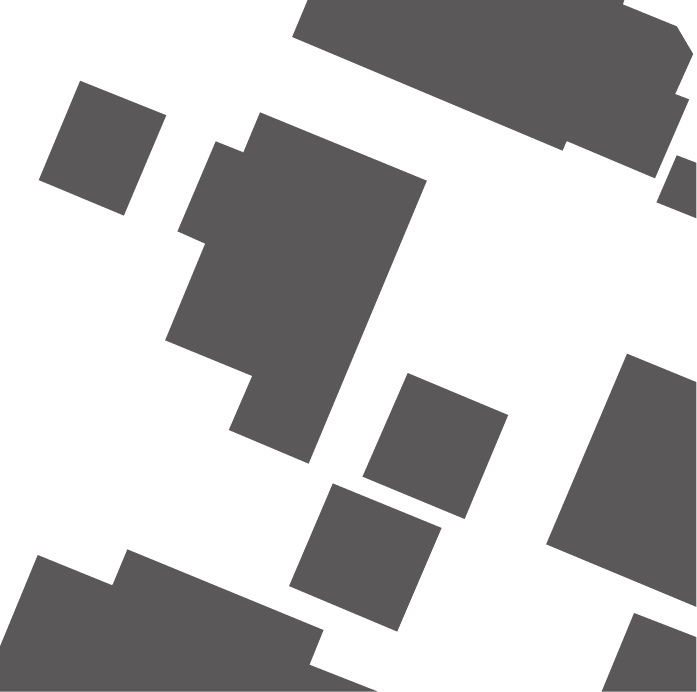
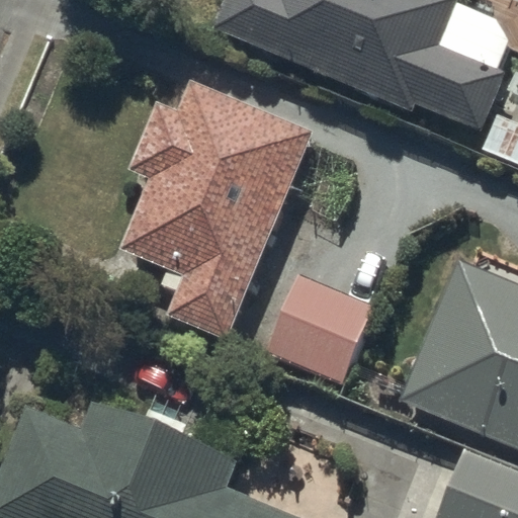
building: [38,80,167,216] -> none
building: [288,483,443,633] -> none

